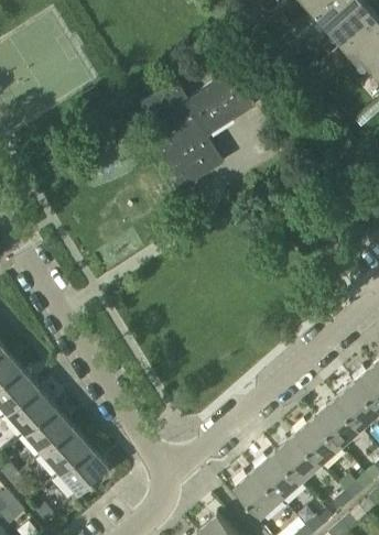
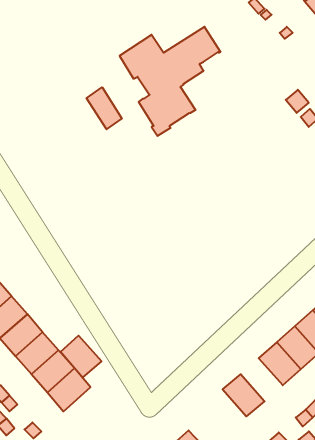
building: none -> [87,87,122,129]
building: none -> [61,336,101,378]
building: [273,437,320,484] -> none
building: [234,471,280,518] -> none

